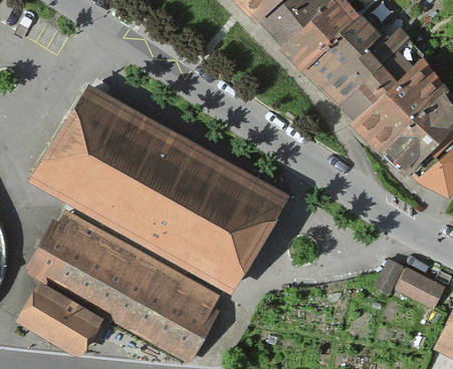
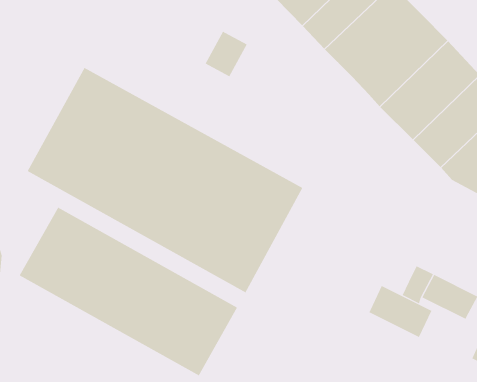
building: none -> [205,31,248,77]
building: none -> [369,285,432,338]
building: [17,284,97,356] -> none

